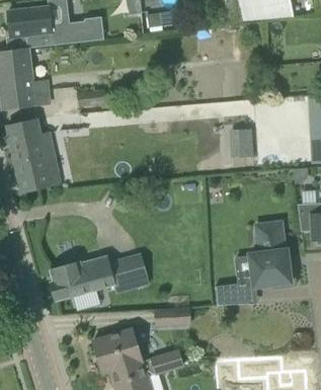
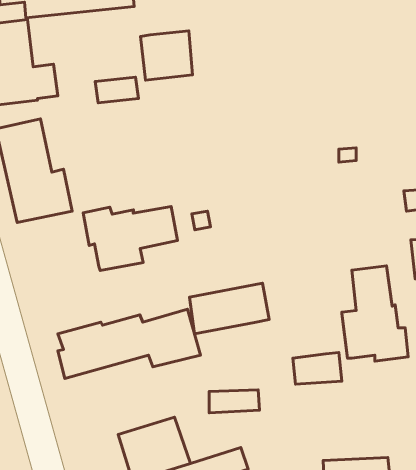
building: none -> [141,31,193,80]
building: none -> [83,207,177,271]
building: none -> [189,283,269,334]

